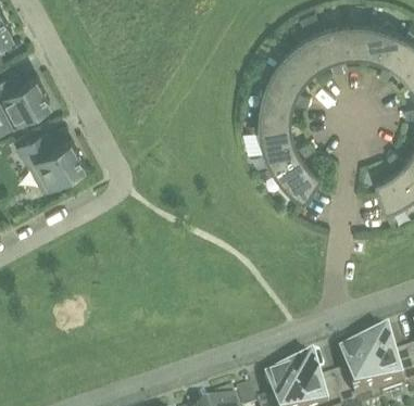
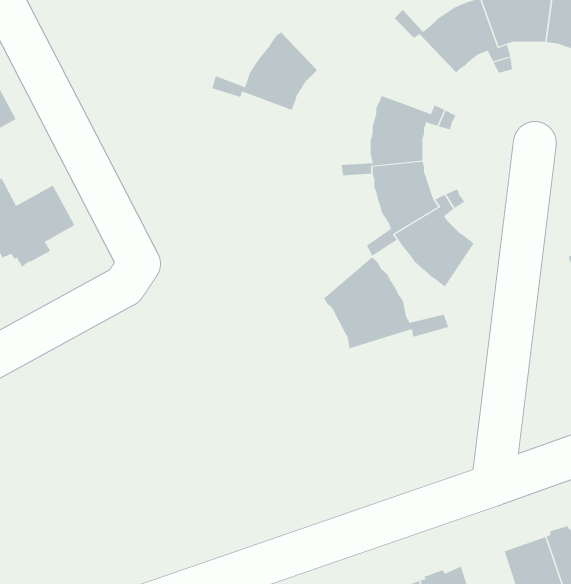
building: [246,47,309,93] -> [212,32,318,110]
building: none -> [324,256,449,349]

